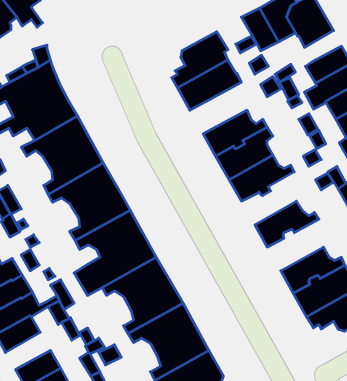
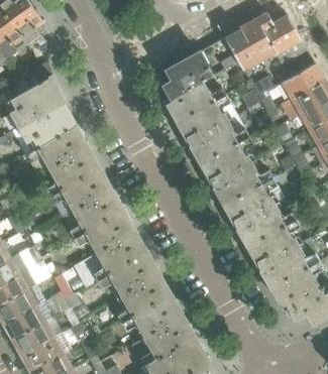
building: none -> [178,96,236,142]
building: none -> [224,176,277,224]
building: none -> [247,219,299,265]
building: none -> [12,321,52,354]

